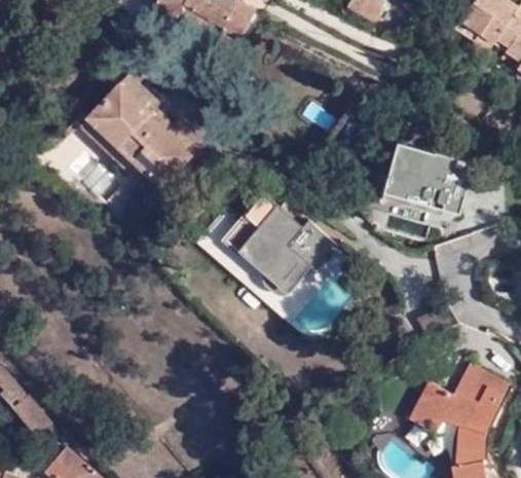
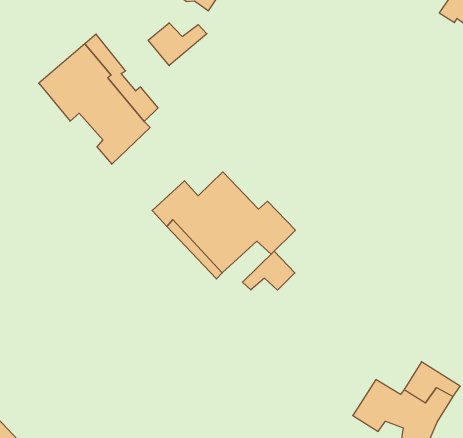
building: none -> [148,23,207,66]
building: [384,145,473,216] -> none
building: none -> [242,251,295,290]

